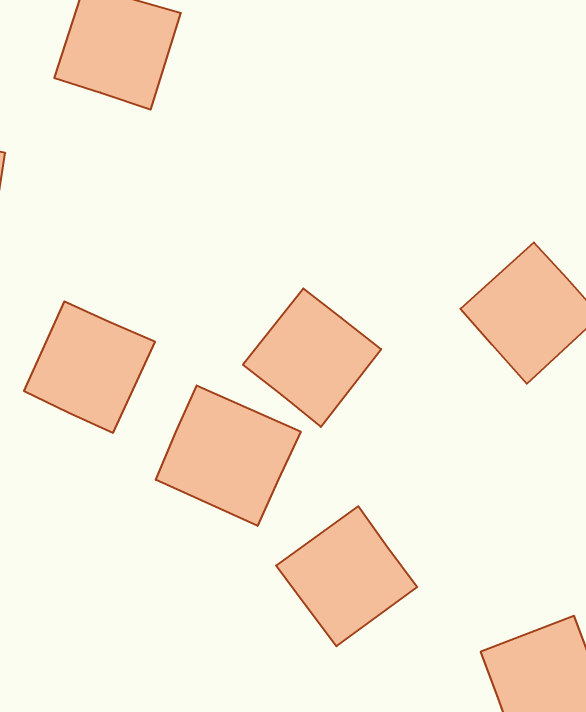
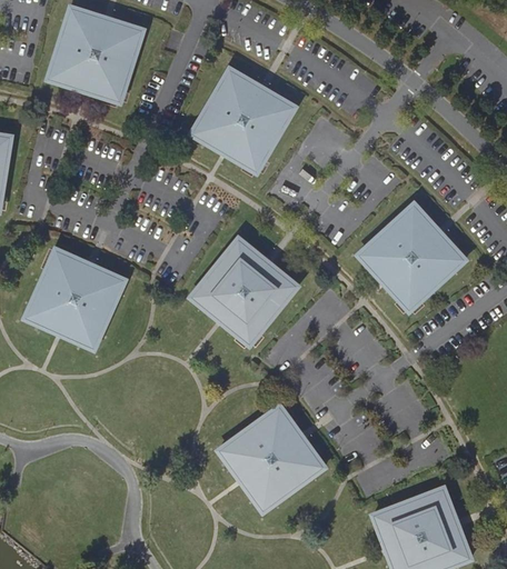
building: none -> [189,63,295,169]
building: [156,385,301,526] -> none

